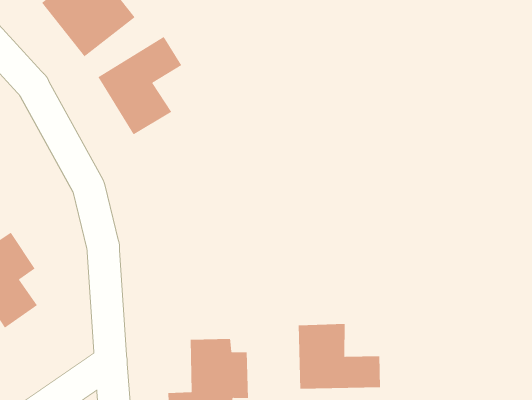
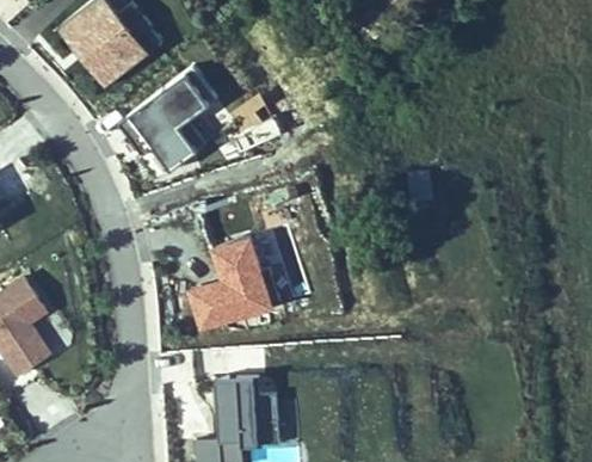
building: none -> [181,226,276,328]
building: [298,323,381,390] -> none

